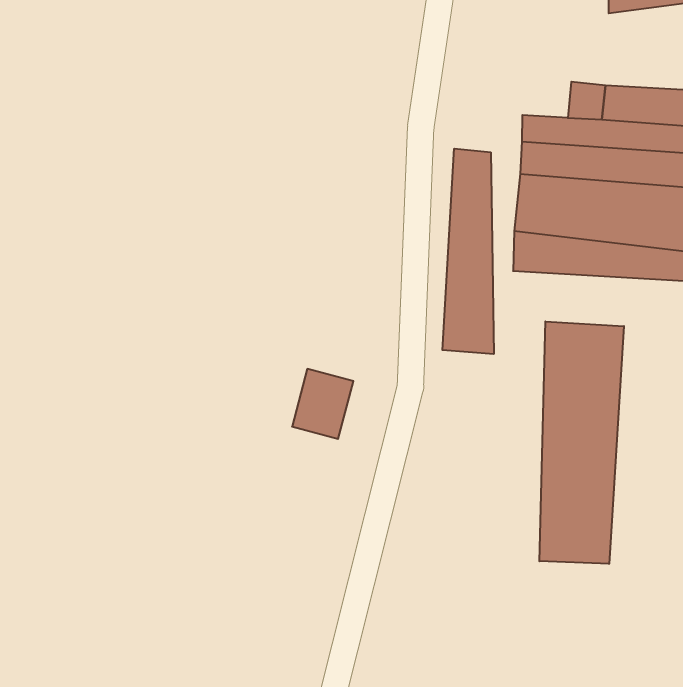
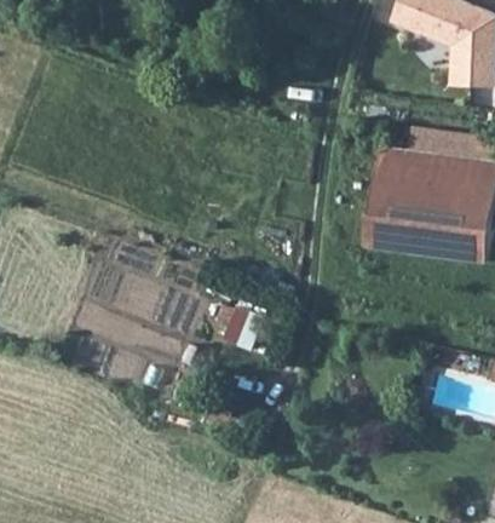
building: [442,149,494,354] -> none
building: [539,321,624,564] -> none

